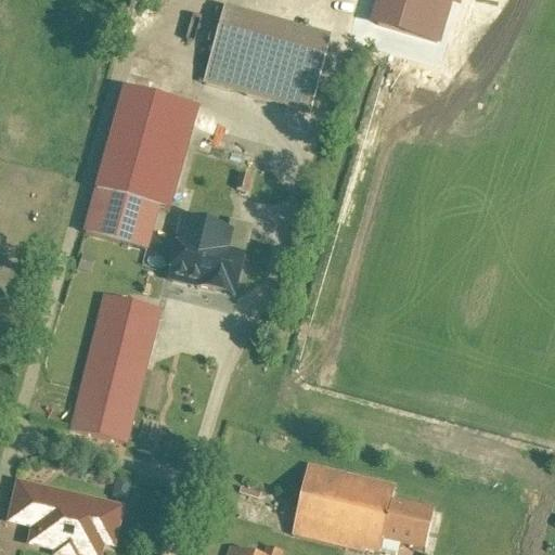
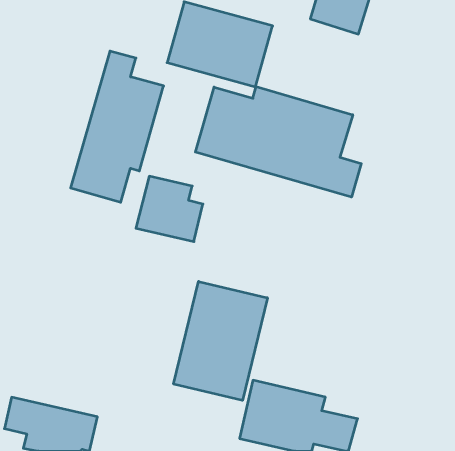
building: none -> [195,87,361,197]
building: [70,292,158,441] -> none
building: none -> [174,281,267,400]

